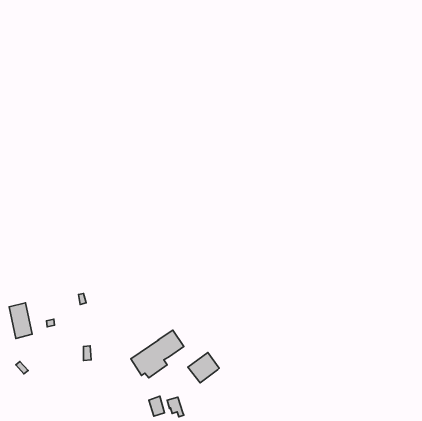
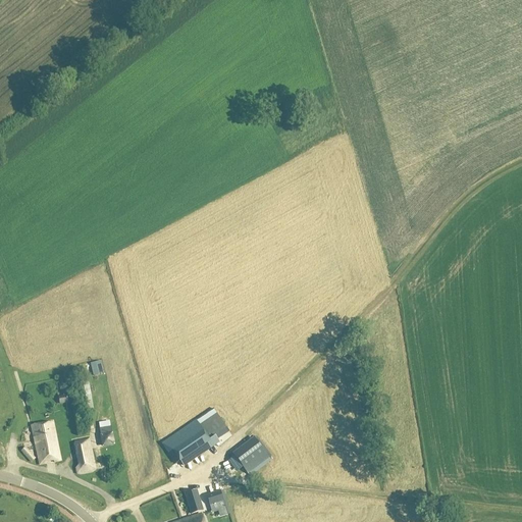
building: [9,303,32,338] -> [32,420,60,464]
building: none -> [73,437,95,473]

